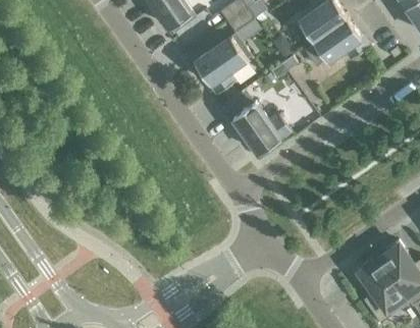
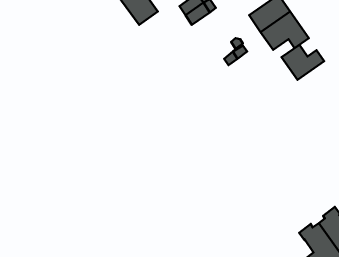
building: [194,38,246,86] -> none
building: none -> [282,45,324,80]
building: [232,103,291,155] -> none

